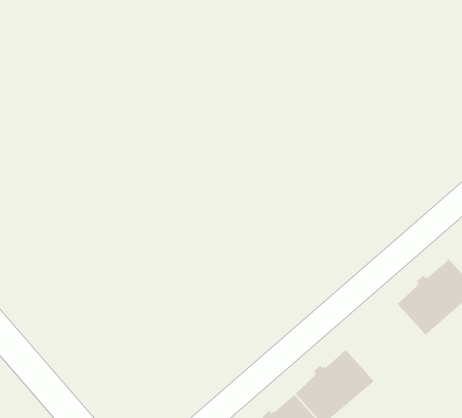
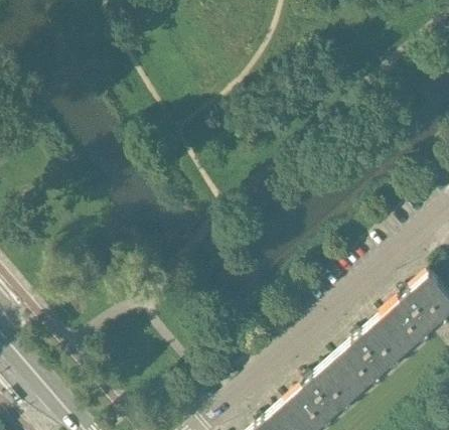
building: none -> [335,317,411,391]

